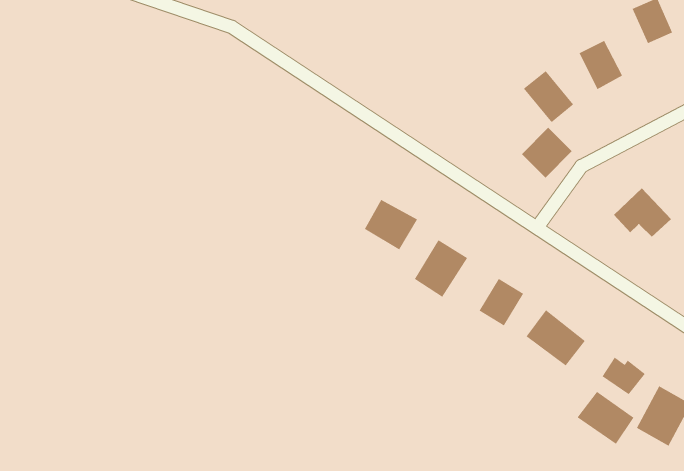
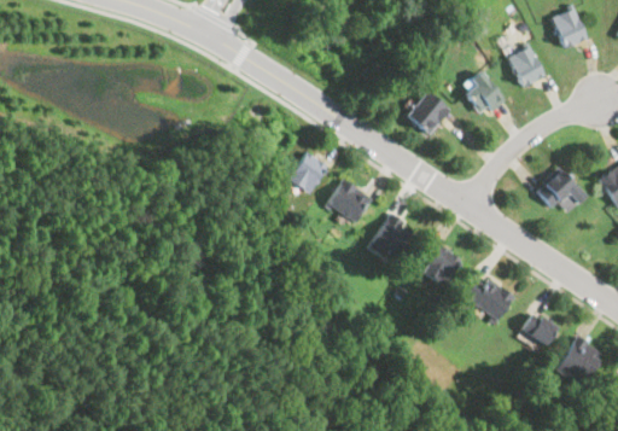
building: [521,127,573,178] -> [407,92,450,135]
building: none -> [288,152,327,193]
building: [577,391,635,445] -> none

